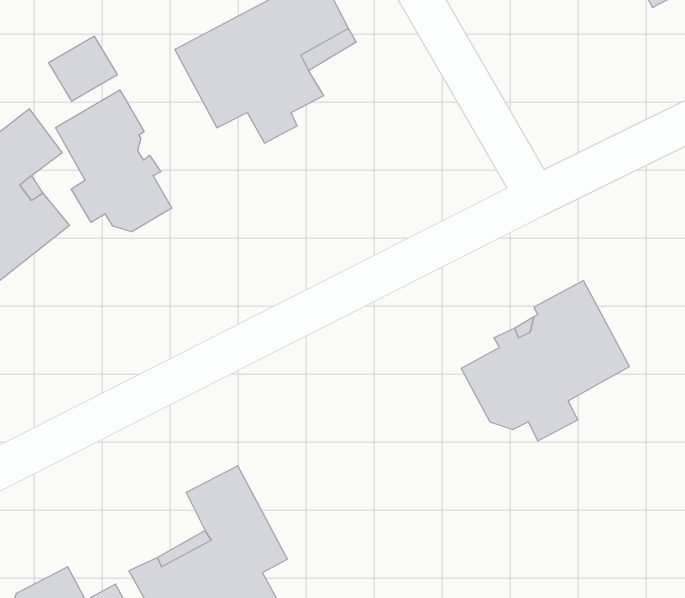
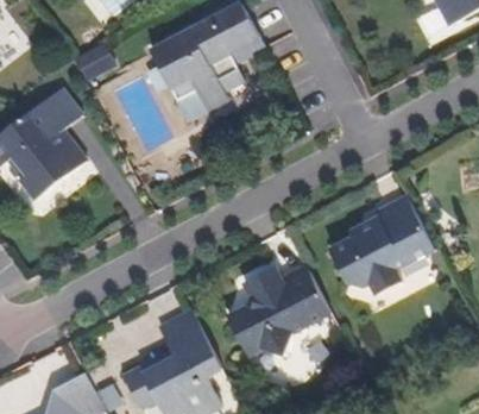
building: [56,90,172,232] -> none
building: none -> [227,265,329,357]

